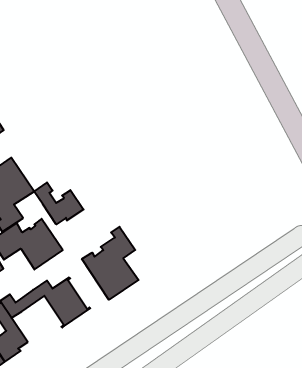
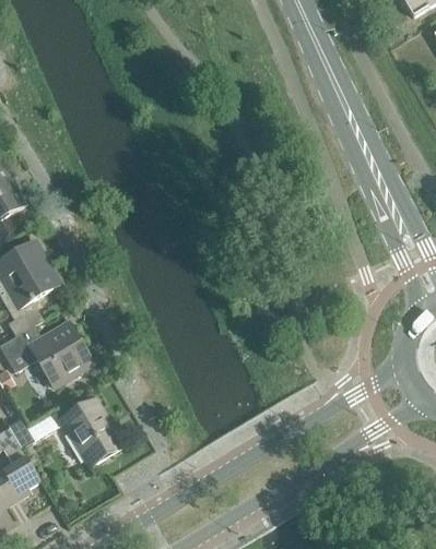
building: [34,182,84,224] -> none
building: [82,227,139,300] -> none

